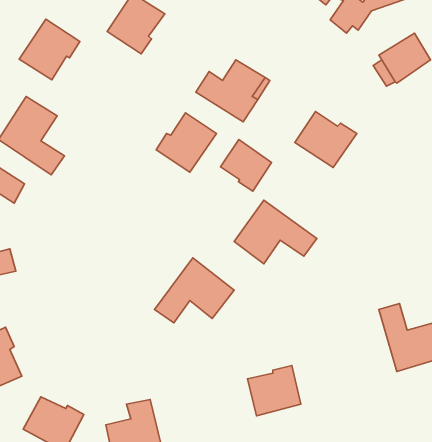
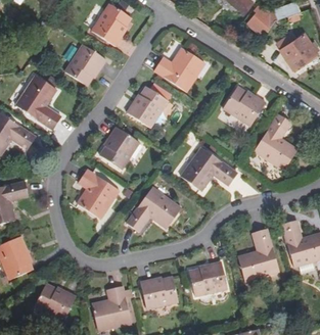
building: [19,19,80,80] -> [66,44,108,86]
building: [221,139,272,191] -> none
building: none -> [254,113,298,170]
building: none -> [100,128,140,171]
building: none -> [78,170,120,217]
building: none -> [237,227,279,280]
building: none -> [140,277,178,308]

